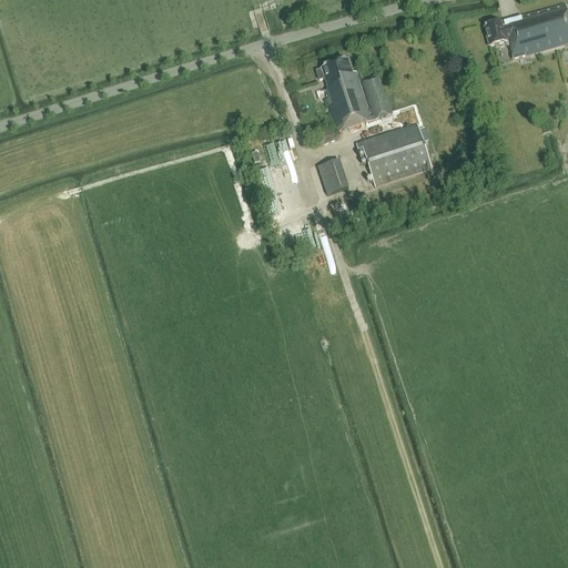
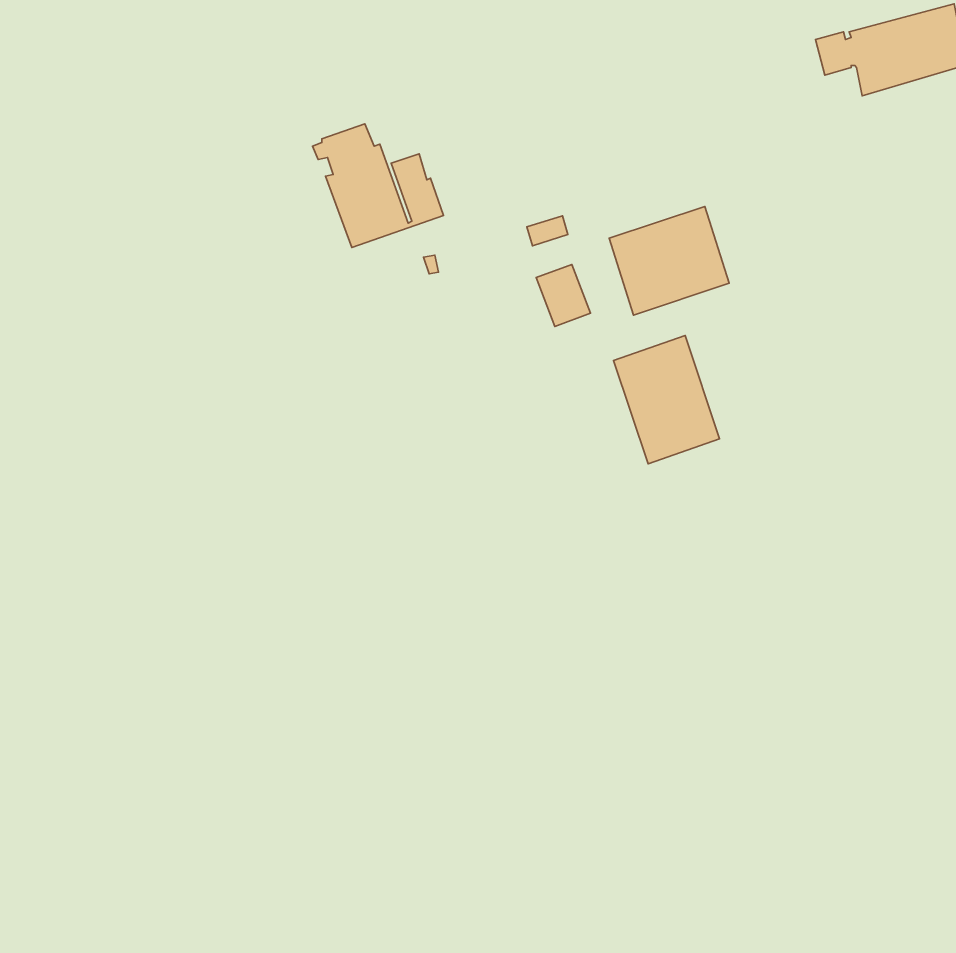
building: [315,57,393,130] -> [312,124,444,248]
building: none -> [614,335,719,464]

